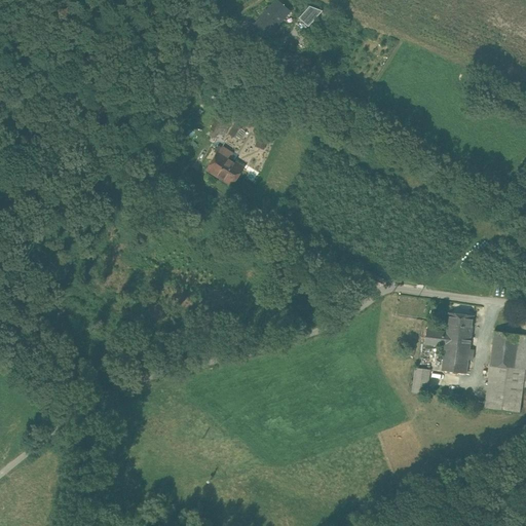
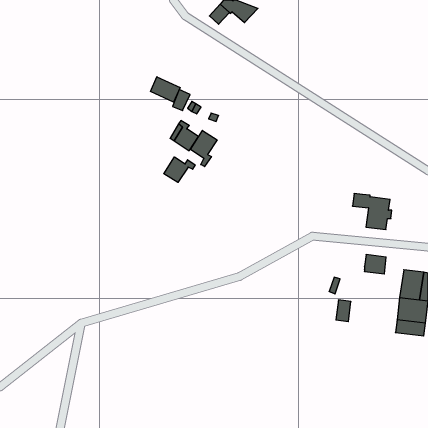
building: none -> [150,77,180,102]
building: none -> [190,130,217,167]
building: none -> [164,157,195,182]
building: [425,329,474,373] -> [352,194,392,230]

